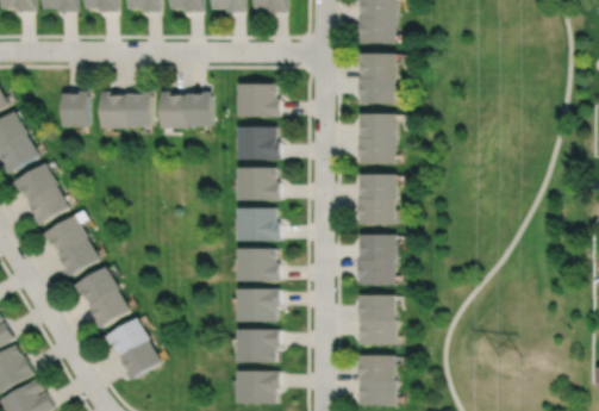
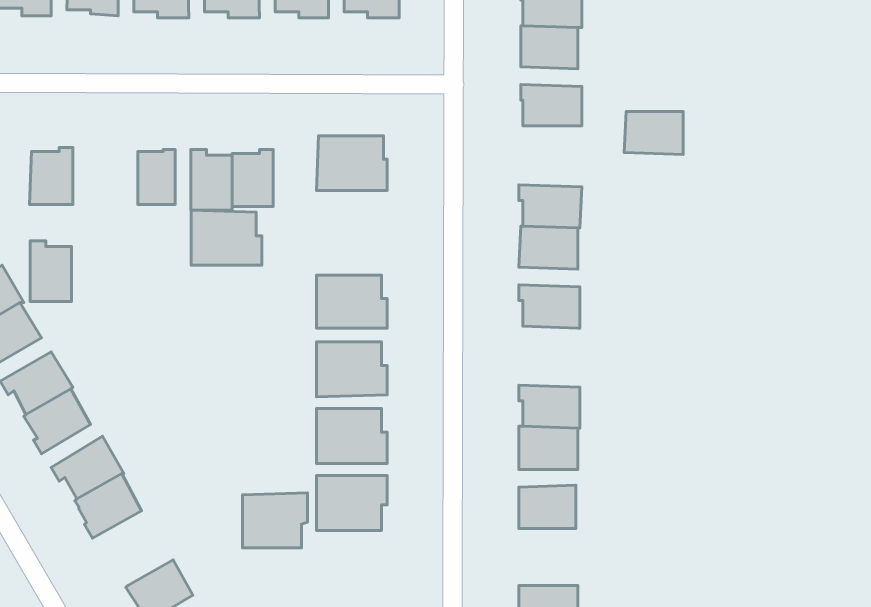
building: [358,77,394,104] -> [624,111,683,155]
building: [102,91,127,127] -> [30,241,71,302]
building: [236,126,279,160] -> [191,210,262,265]
building: [358,199,394,225] -> none
building: [105,318,150,356] -> none
building: [358,322,395,347] -> none
building: [239,330,279,363] -> [243,493,307,548]

